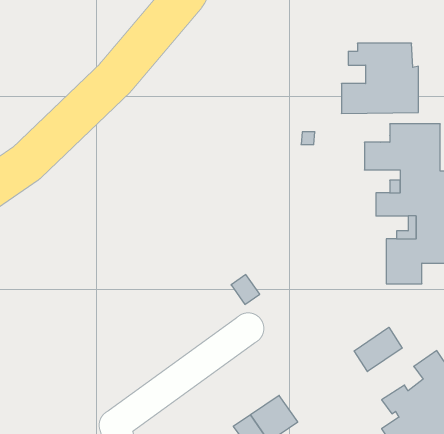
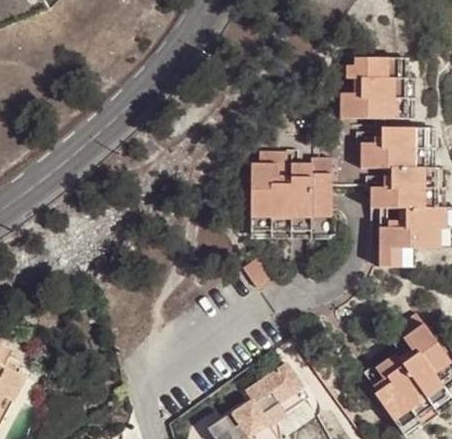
building: none -> [249,151,329,230]
building: [354,327,402,372] -> none

